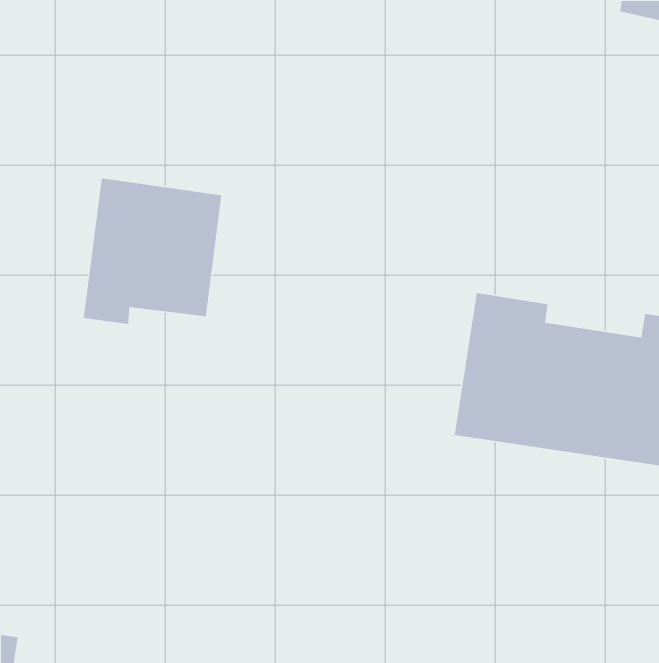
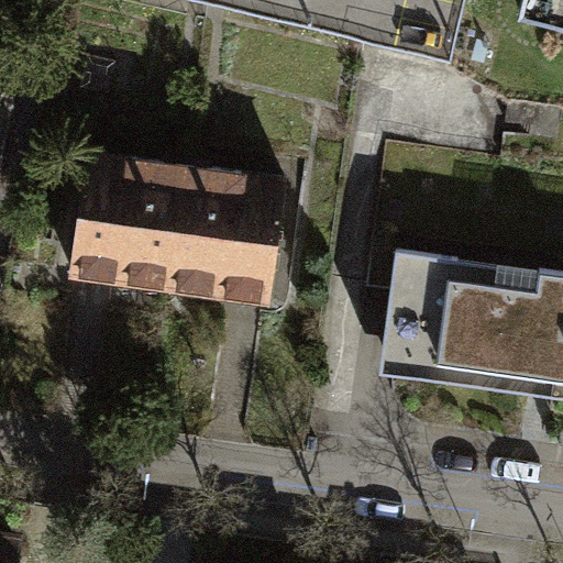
building: none -> [184,170,290,306]

